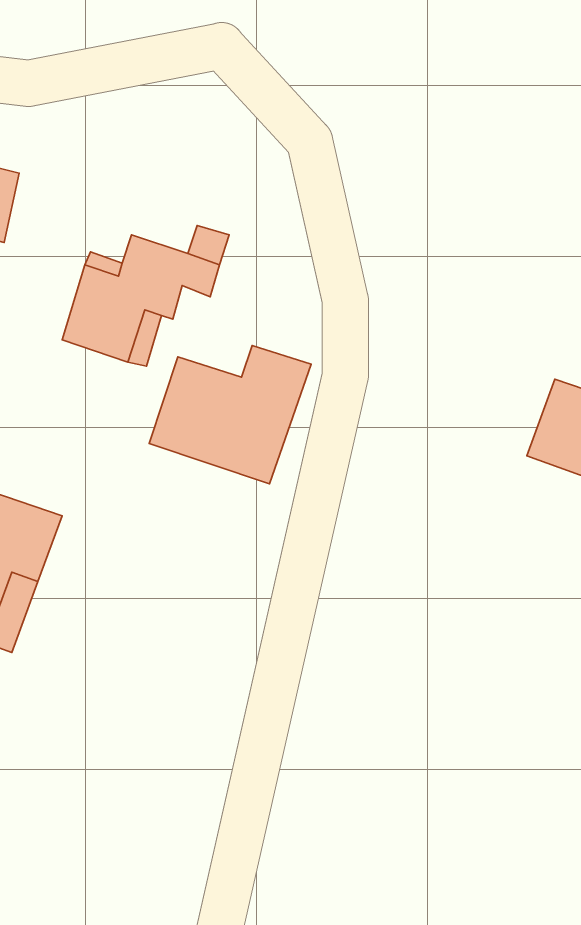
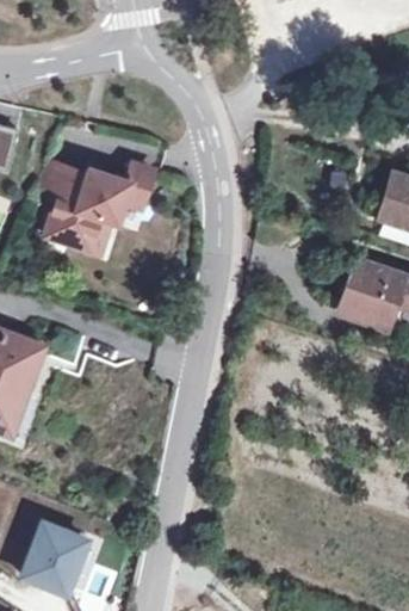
building: [149,345,311,484] -> none
building: none -> [25,524,92,594]

